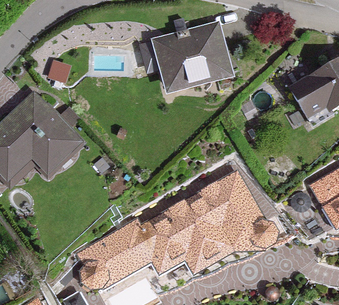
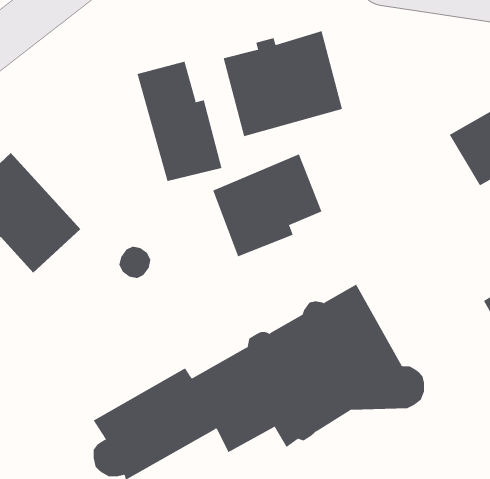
building: none -> [137,61,222,182]
building: none -> [212,153,322,257]

